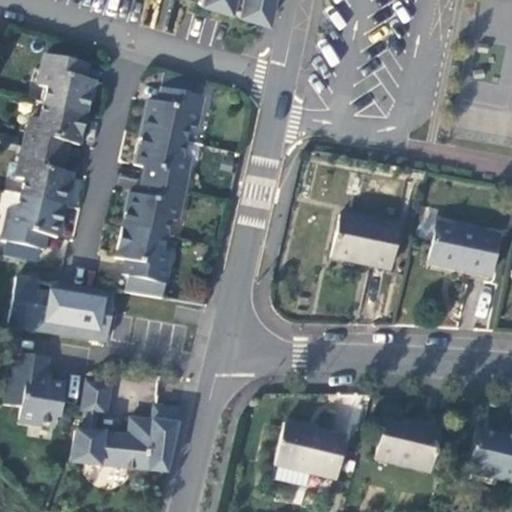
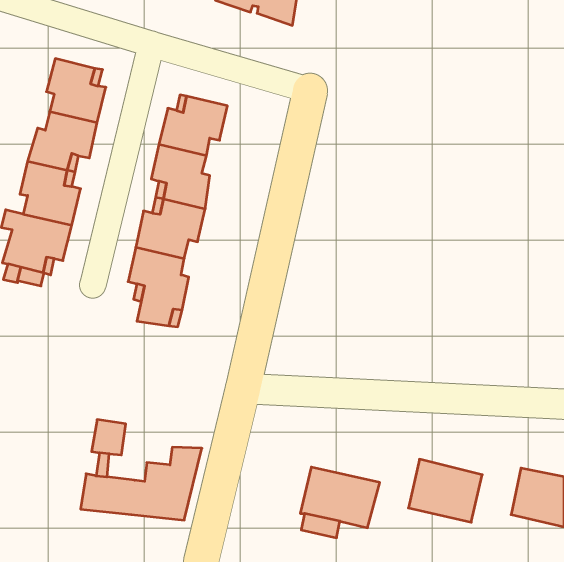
building: [330,214,396,269] -> none
building: [440,227,500,277] -> none
building: [10,277,115,339] -> none
building: [9,353,67,425] -> none

